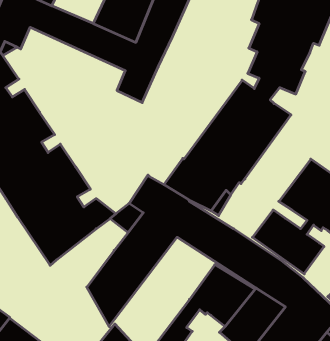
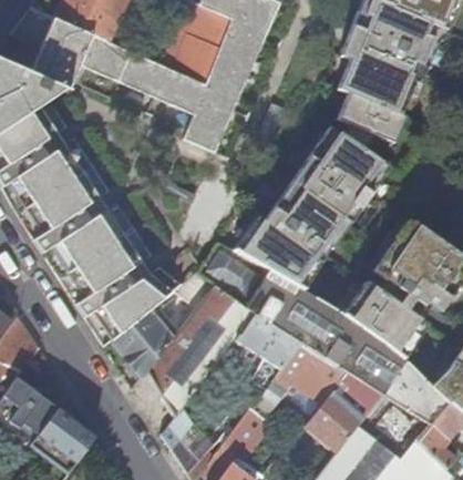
building: none -> [112,302,179,376]
building: none -> [240,316,298,385]

